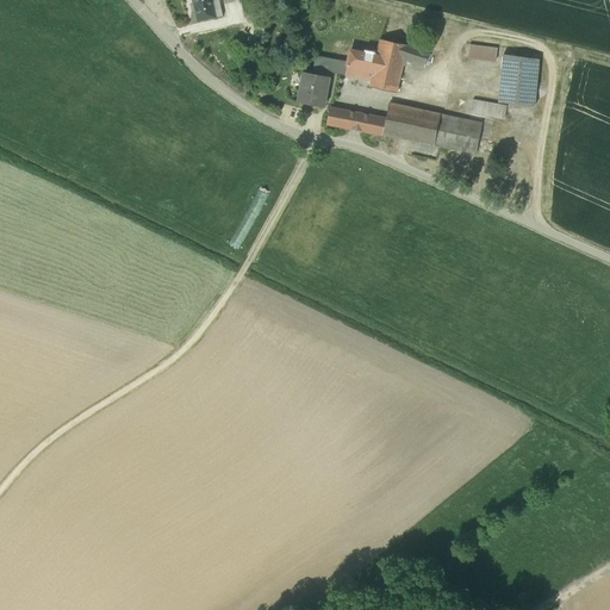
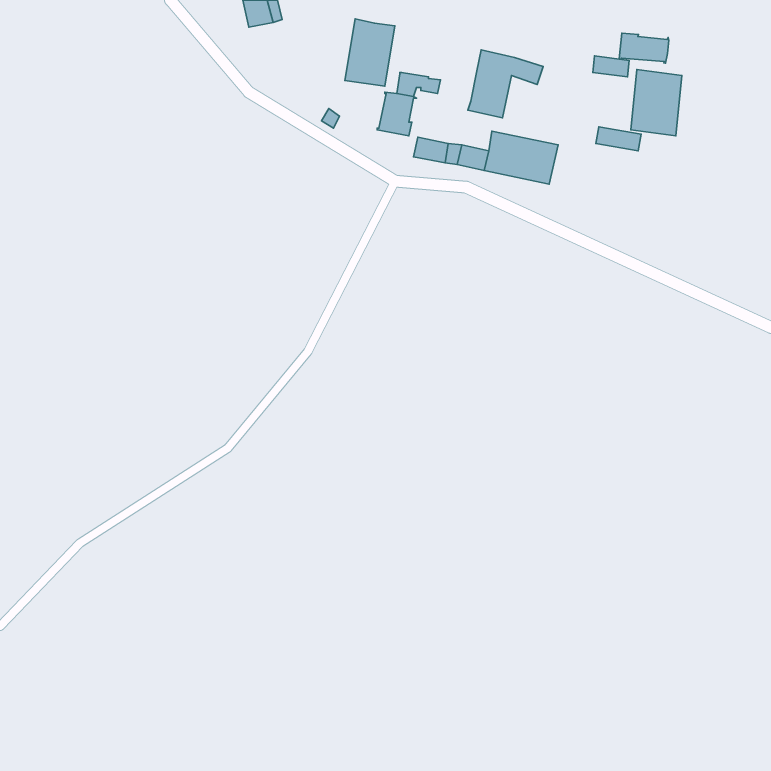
building: none -> [345,19,395,86]
building: none -> [619,33,669,63]
building: [346,50,376,80] -> none
building: [434,114,481,154] -> none

